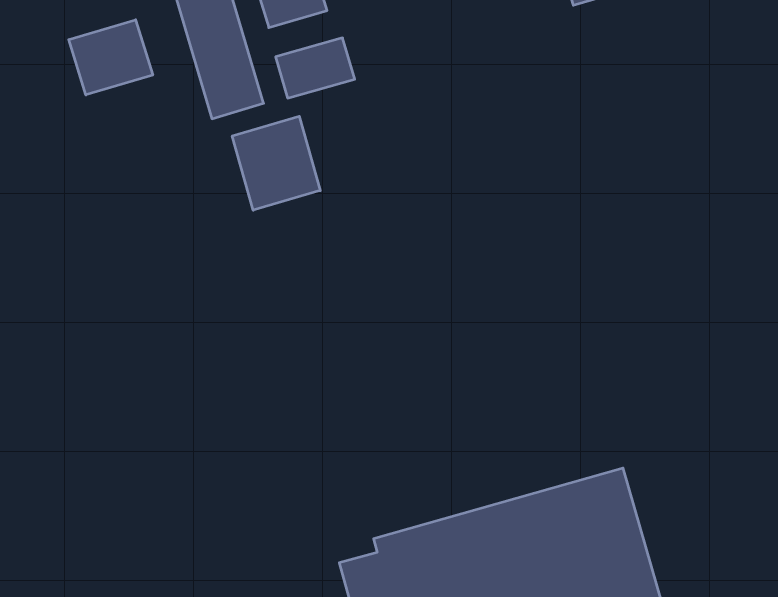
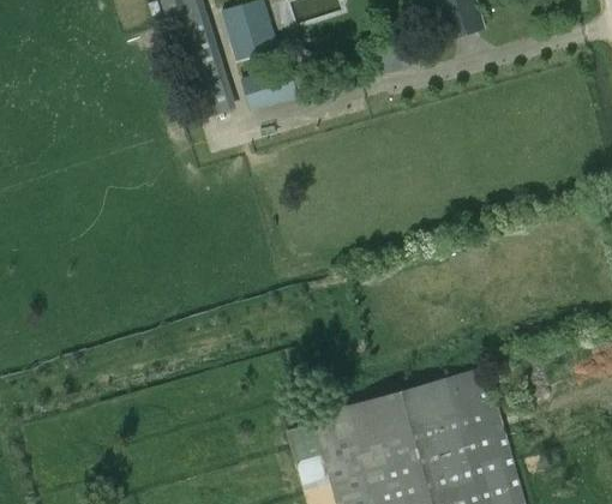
building: [69,20,153,95] -> none
building: [232,116,320,210] -> none

